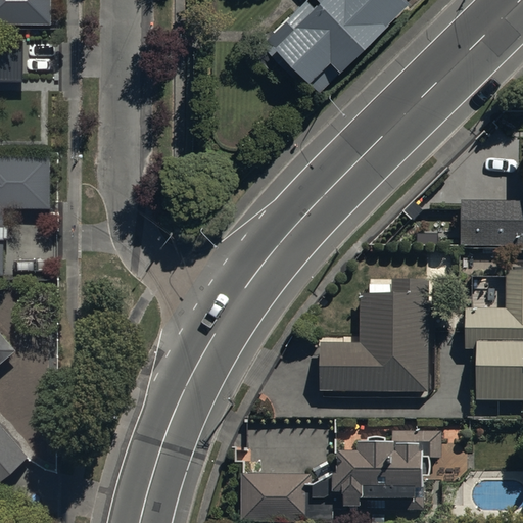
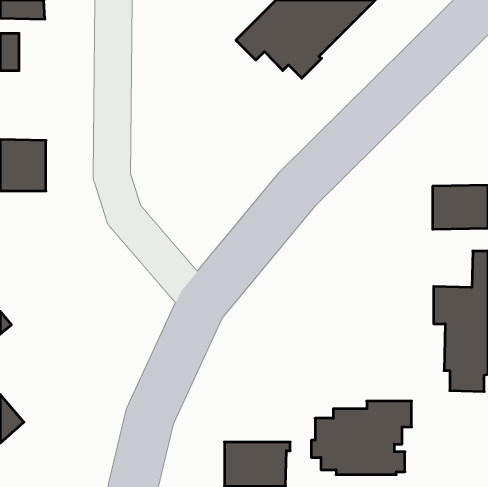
building: [319,293,429,391] -> none

